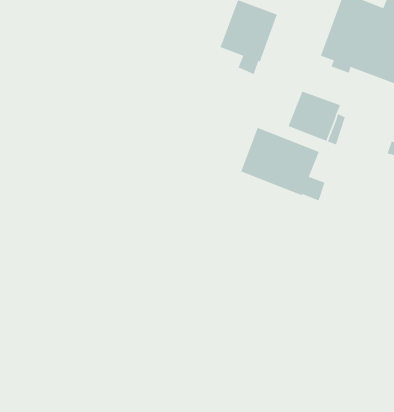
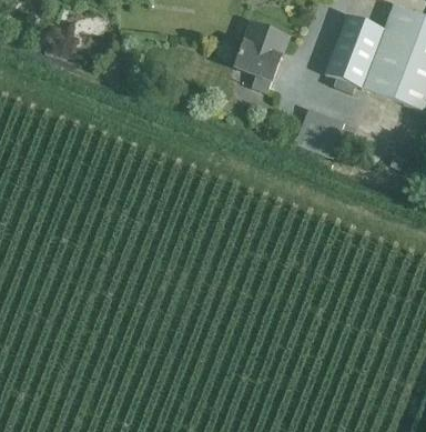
building: [240,127,326,201] -> none

